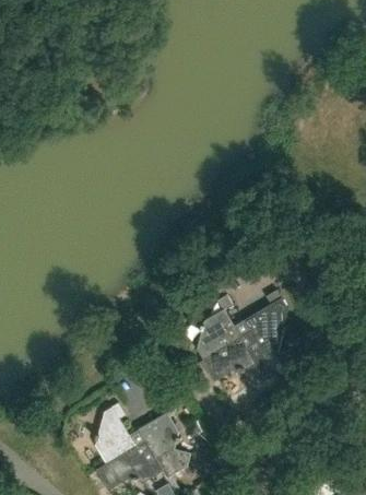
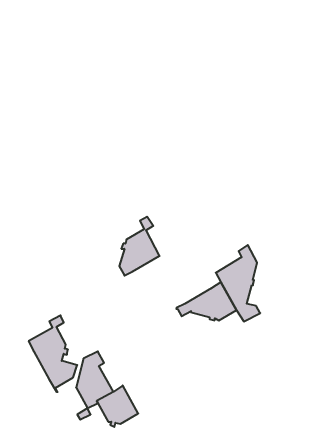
building: [196,294,238,356] -> [119,217,160,276]
building: [139,400,190,481] -> [29,315,77,392]

